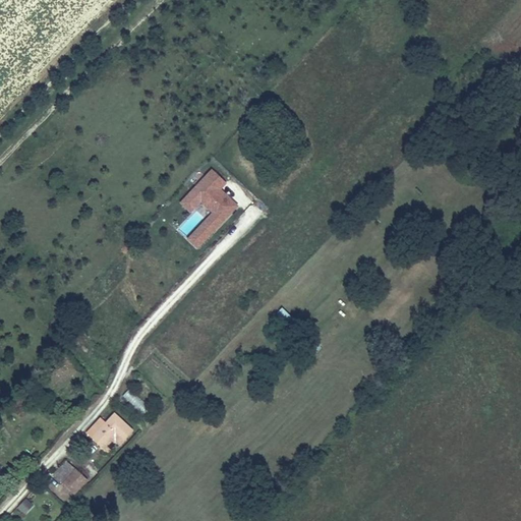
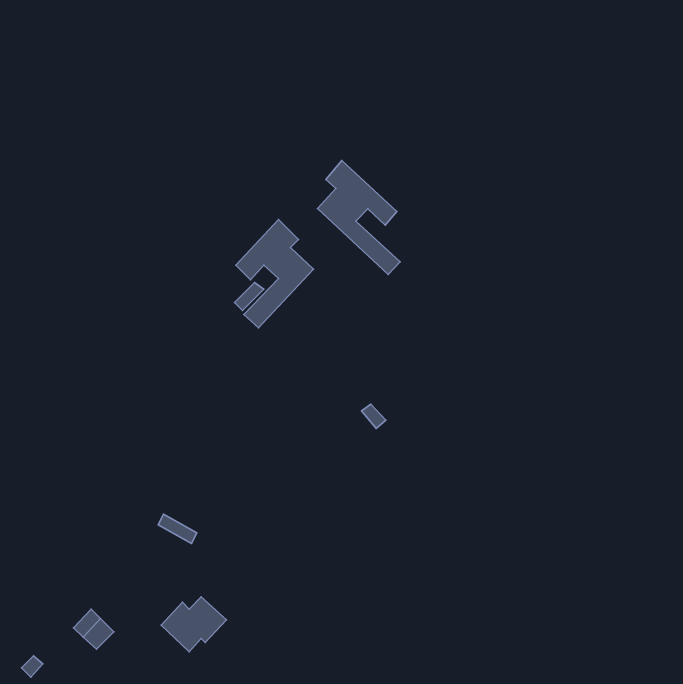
building: none -> [317,160,400,274]
building: [83,412,133,454] -> [161,597,227,652]

